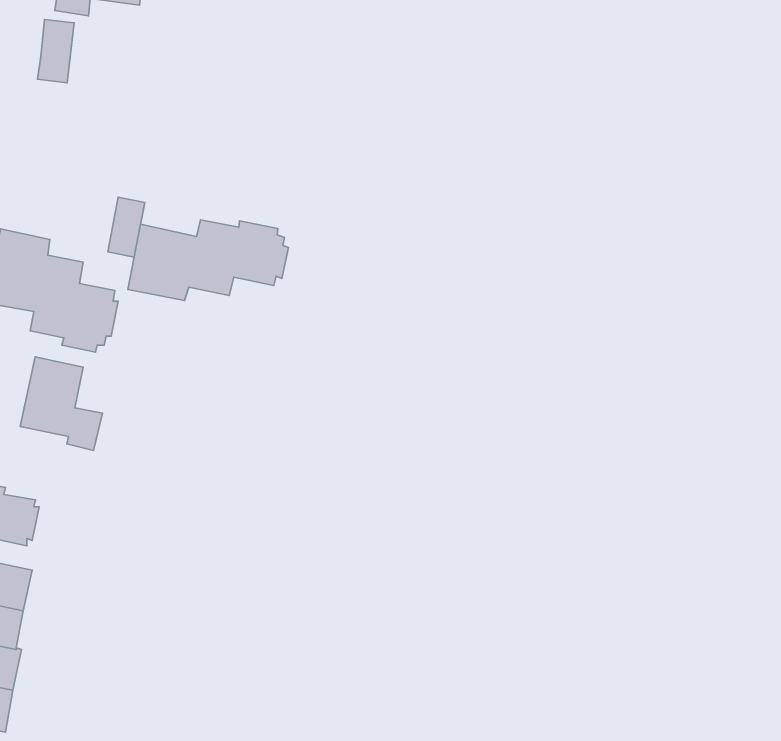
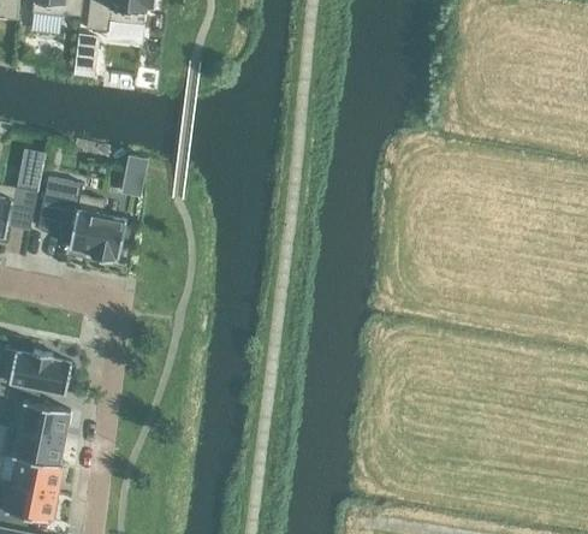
building: [128,220,288,301] -> none
building: [20,357,102,450] -> none

